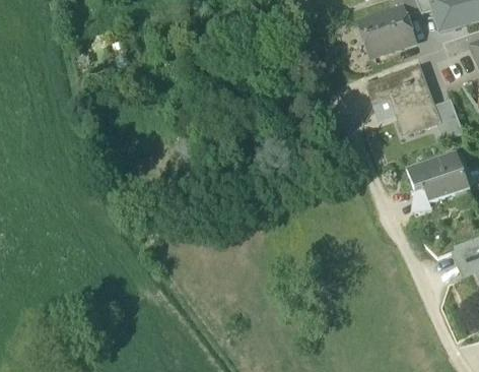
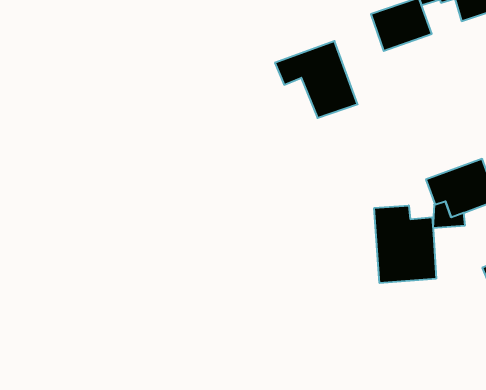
building: [367,66,440,134] -> [275,41,358,118]
building: none -> [374,205,436,283]

